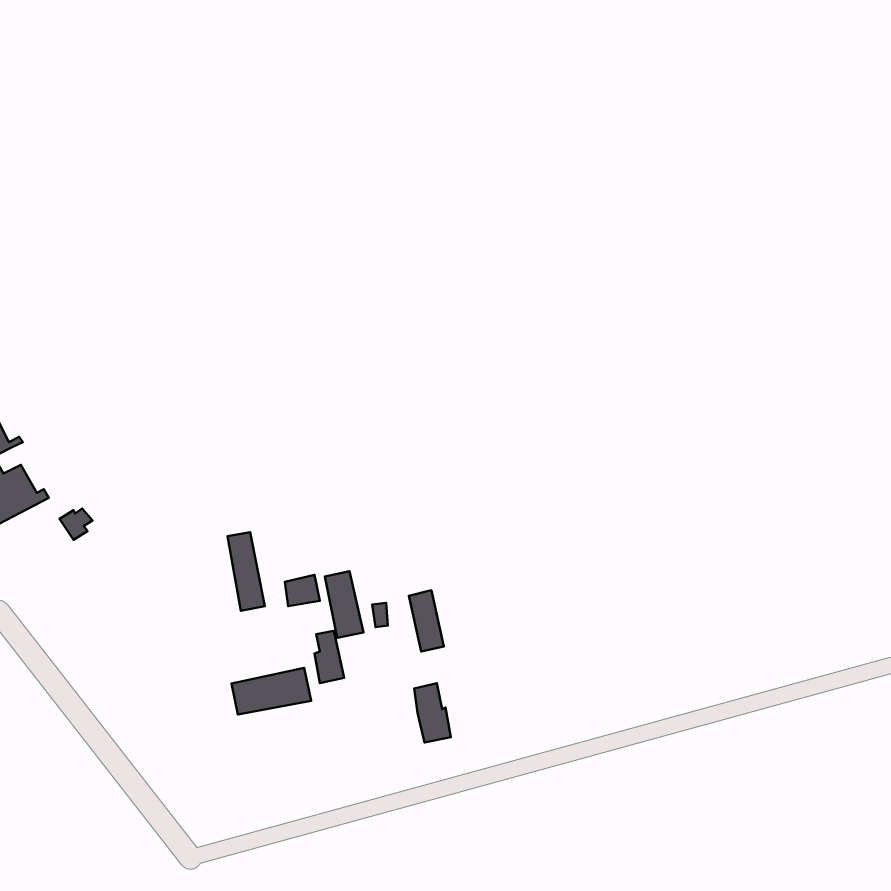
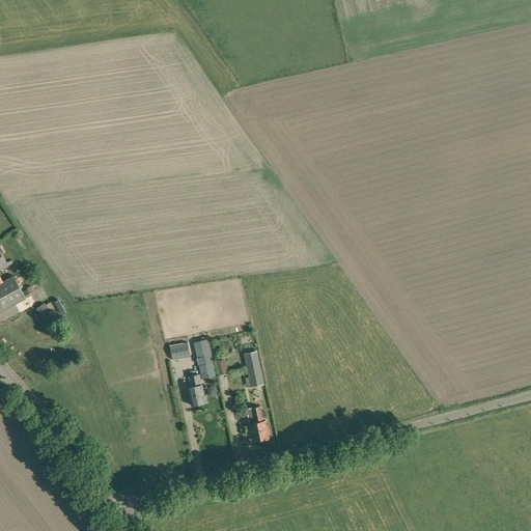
building: [228,532,265,611] -> none
building: [232,668,311,714] -> none

